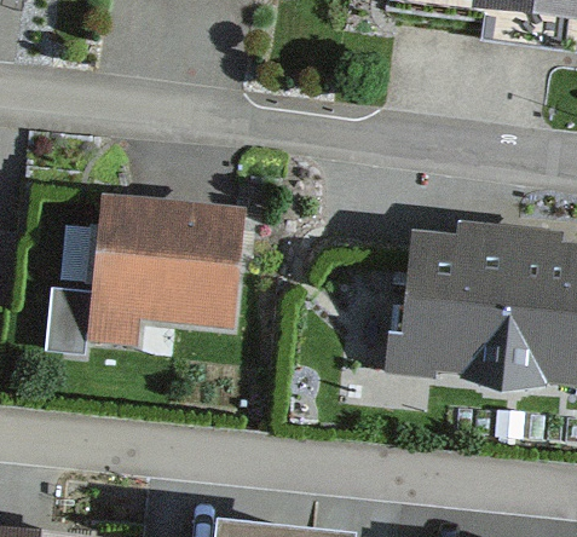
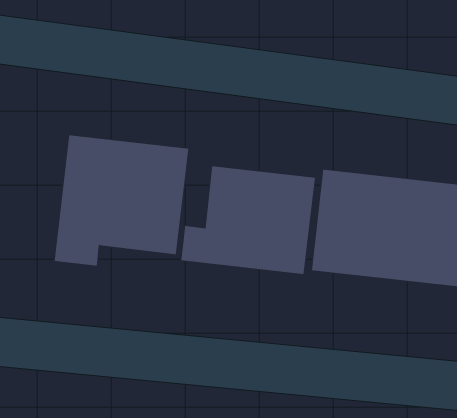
building: none -> [181,165,315,275]

